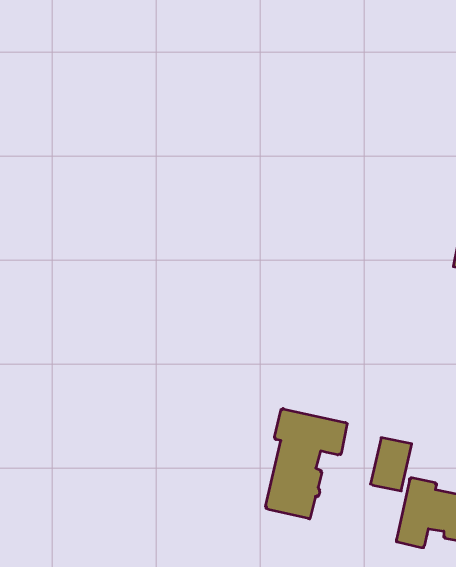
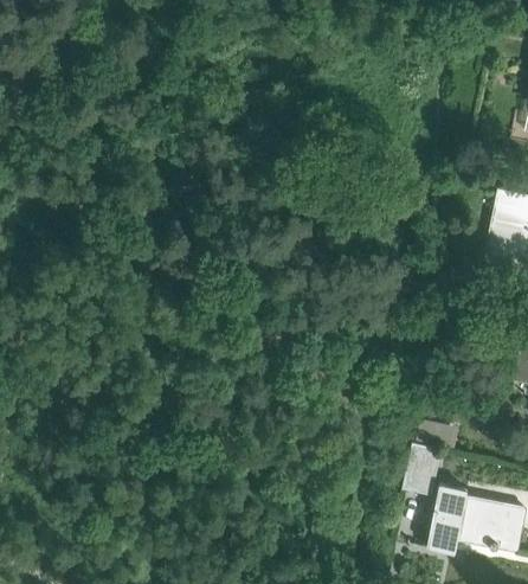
building: [265,408,347,519] -> none

